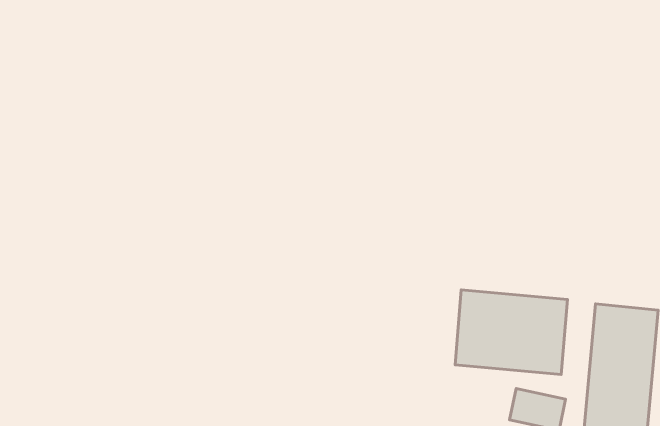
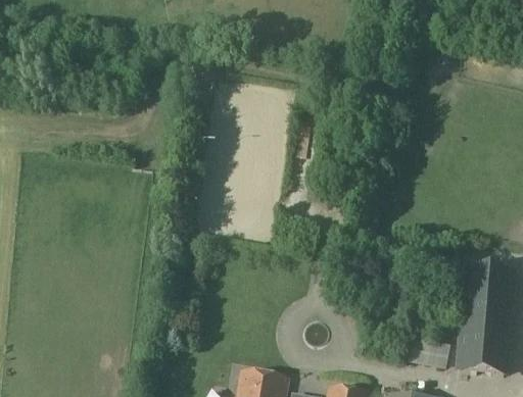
building: [455,290,567,375] -> none

